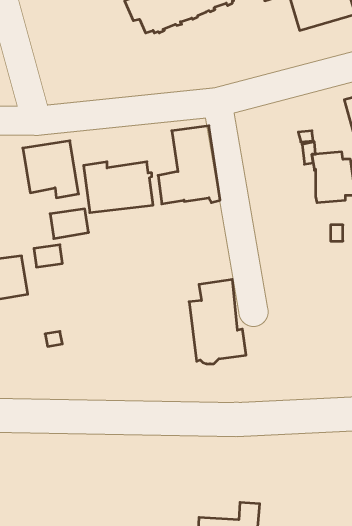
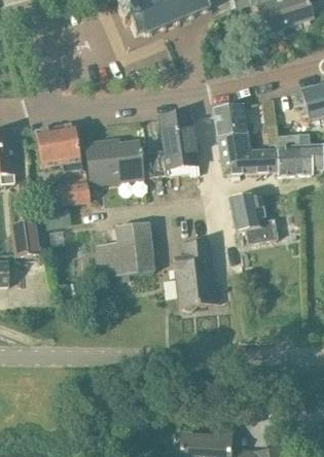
building: none -> [215,102,279,172]
building: none -> [229,194,279,242]
building: none -> [98,220,155,276]

